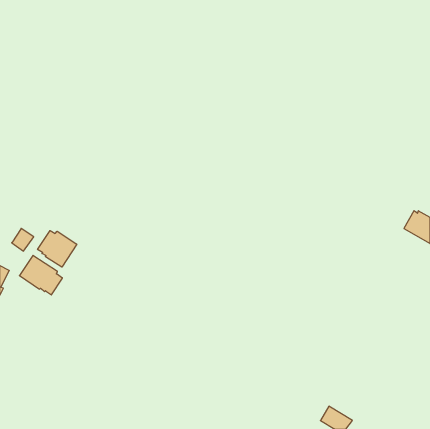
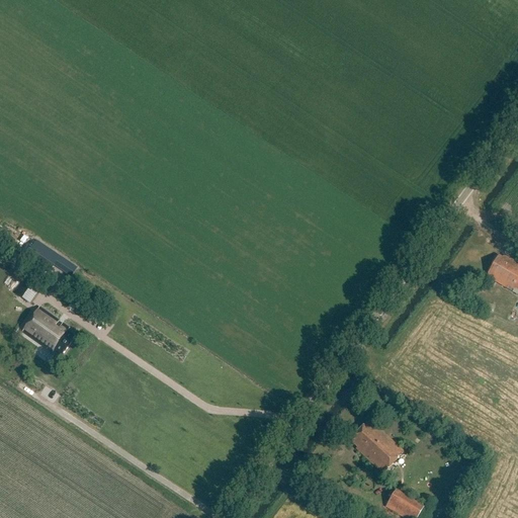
building: [38,231,77,267] -> none
building: none -> [348,420,402,472]

